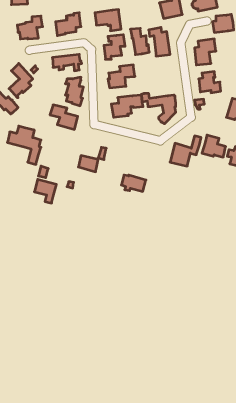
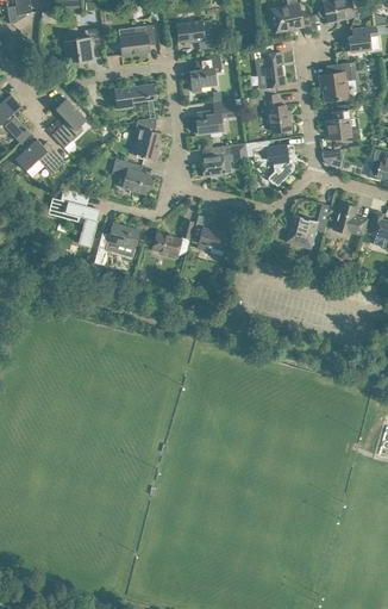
building: [130,28,149,55] -> [263,94,290,132]
building: [121,175,146,191] -> [192,226,227,250]
building: [34,179,56,203] -> [107,223,139,257]

